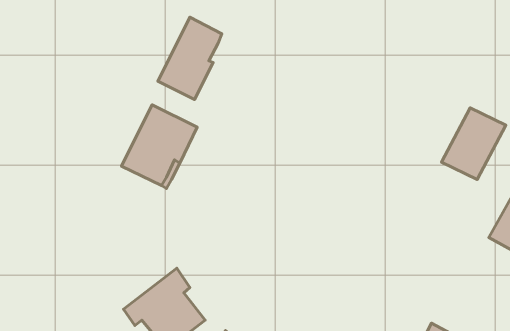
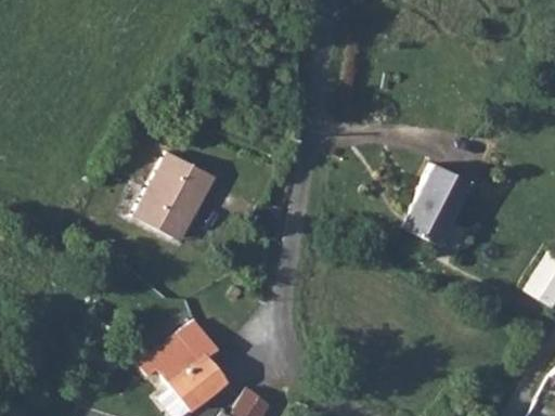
building: [158,17,222,99] -> none
building: [442,108,506,179] -> [400,165,468,240]

